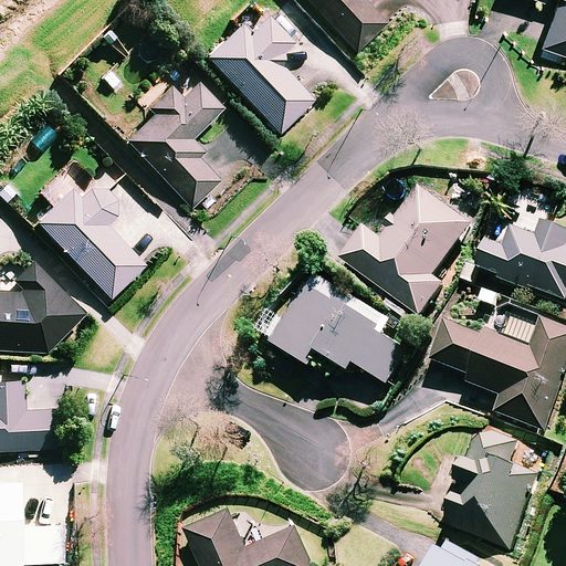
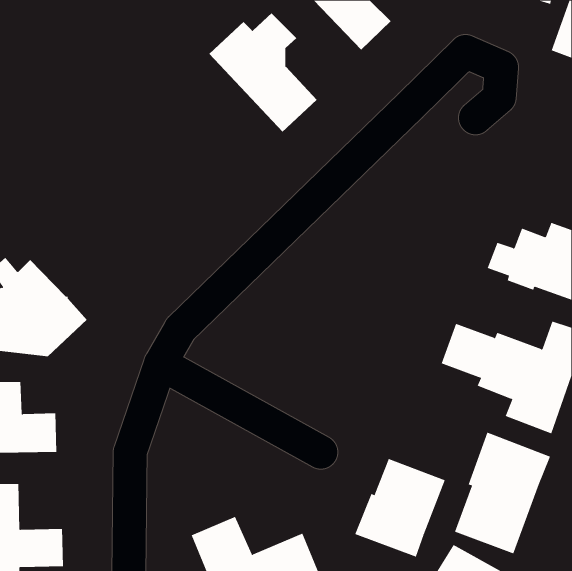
building: [126,78,224,208] -> none
building: [343,185,472,315] -> none
building: [35,186,145,298] -> none
building: [273,273,410,382] -> none
building: none -> [355,458,445,558]

